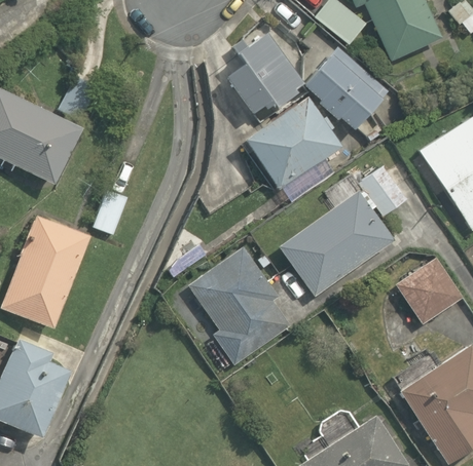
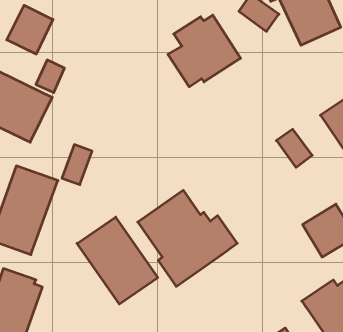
building: none -> [7,5,53,54]
building: [310,47,388,132] -> none
building: [247,95,337,187] -> none
building: [281,192,394,298] -> none
building: none -> [77,217,158,304]

